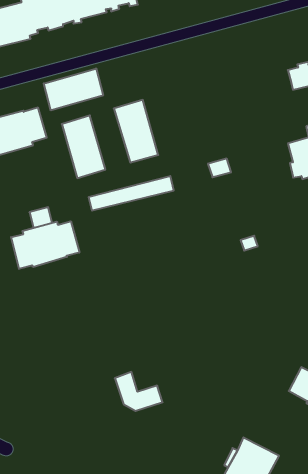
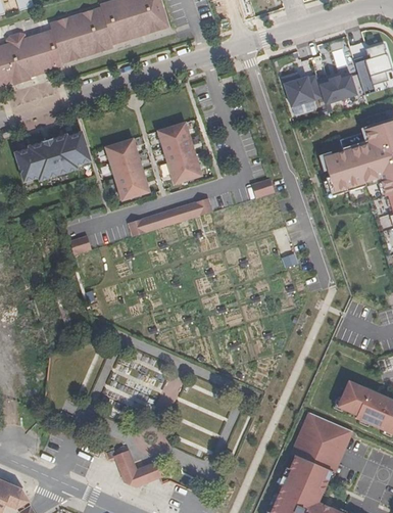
building: none -> [284,72,325,106]
building: [44,68,103,110] -> none
building: [11,221,79,269] -> none
building: [115,372,163,411] -> [114,448,163,486]
building: none -> [293,411,353,471]

